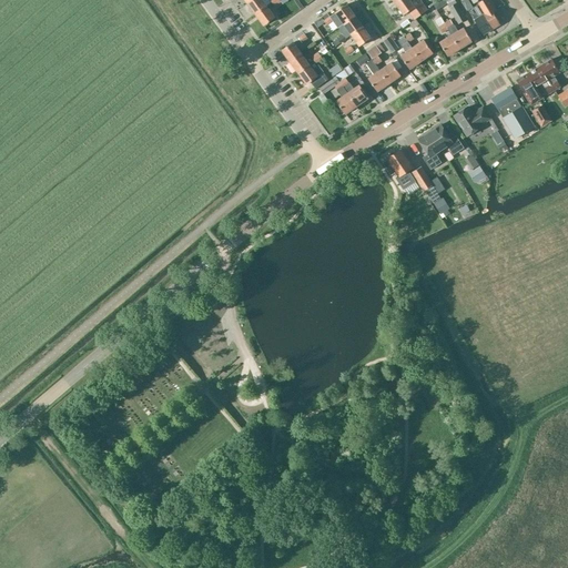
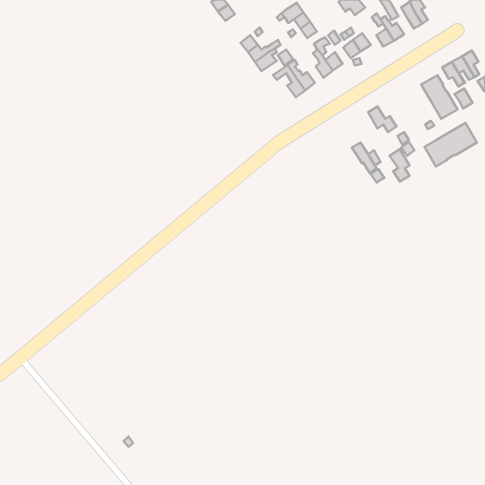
building: [454,105,489,134] -> none
building: [417,131,440,169] -> [389,149,409,182]
building: none -> [424,123,477,167]
building: [382,150,415,189] -> none

